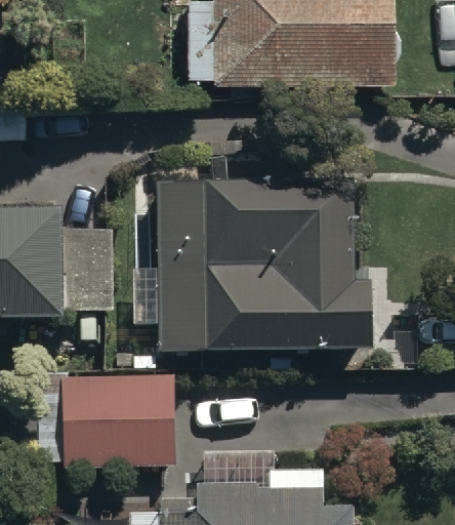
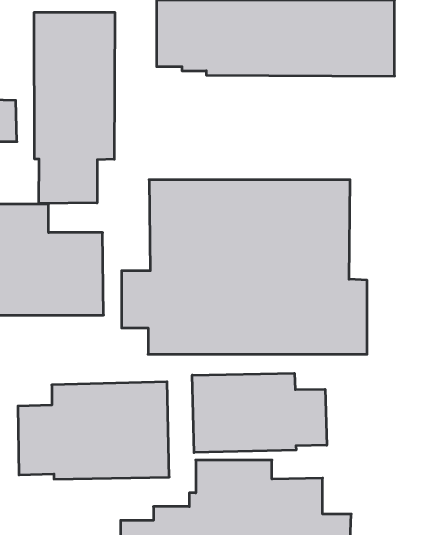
building: none -> [34,12,115,203]
building: none -> [192,373,327,453]

